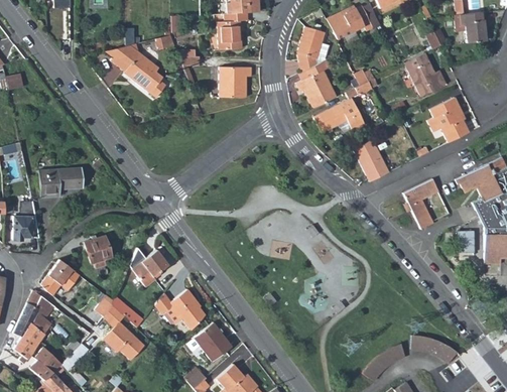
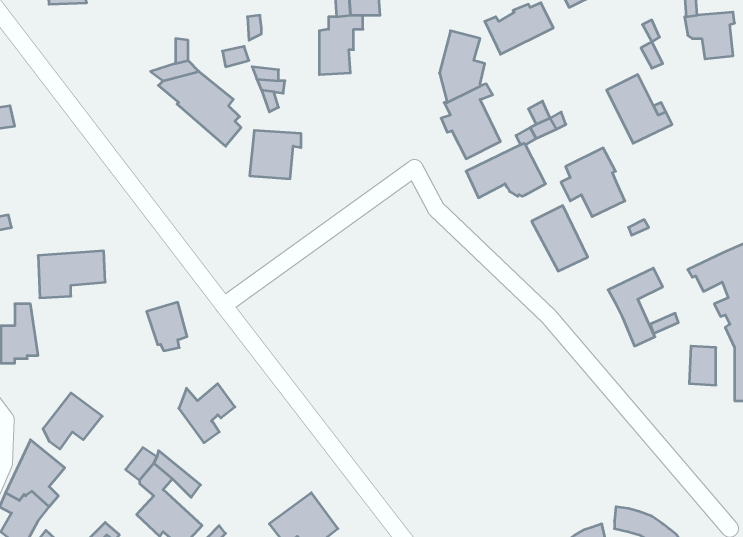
building: [218,70,251,101] -> [250,130,301,179]
building: [428,100,470,144] -> [561,148,625,217]
building: [84,236,110,267] -> [147,302,187,351]
building: [157,290,210,332] -> none

